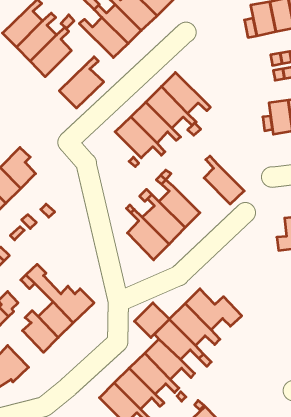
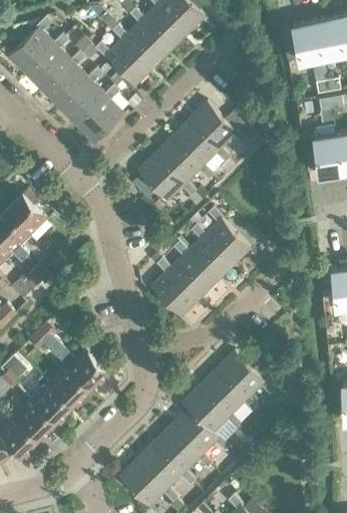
building: none -> [56,68,103,124]
building: [204,156,244,204] -> [204,210,250,265]
building: [134,303,169,338] -> none
building: none -> [13,401,54,443]

